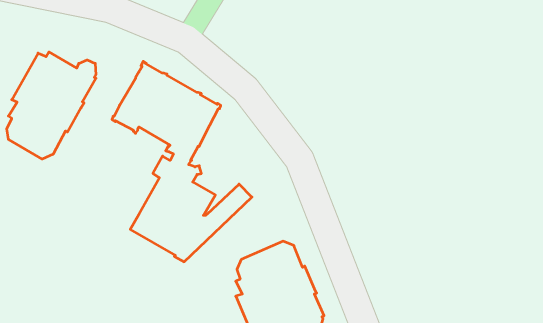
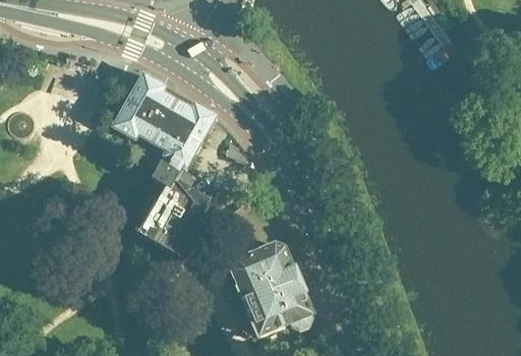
building: [7,52,96,159] -> none

